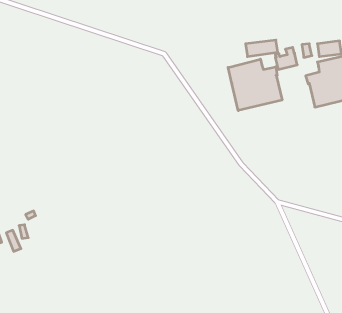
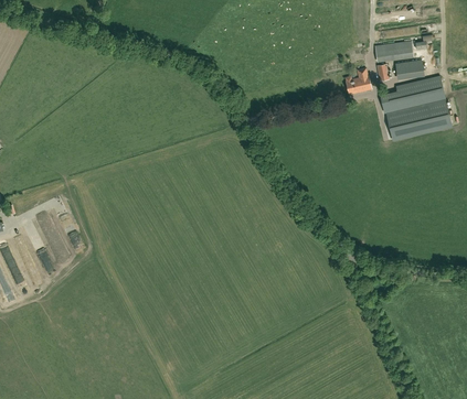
building: [246,40,278,57] -> [374,41,413,61]
building: [228,59,282,111] -> none

